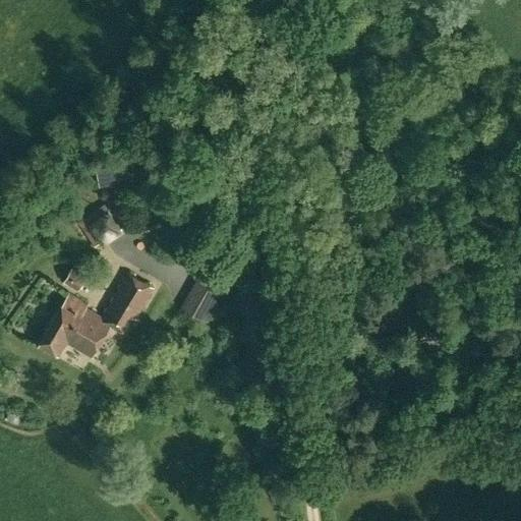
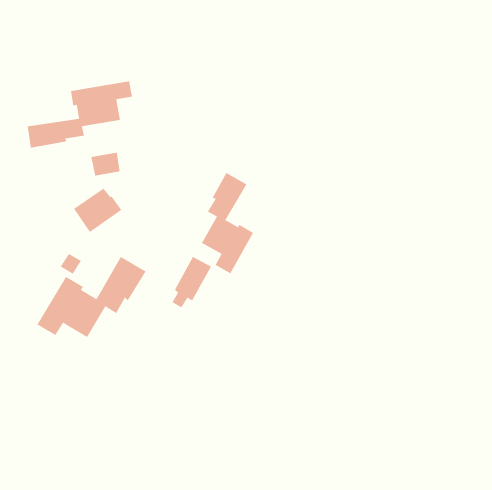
building: none -> [27,80,132,148]
building: none -> [201,172,254,274]

